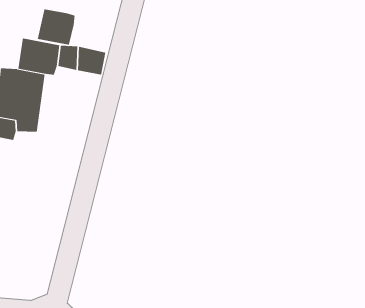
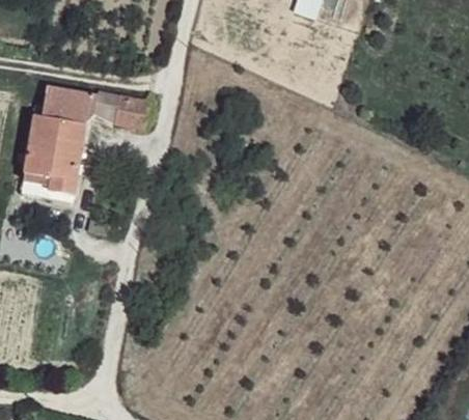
building: [37,8,75,46] -> none

